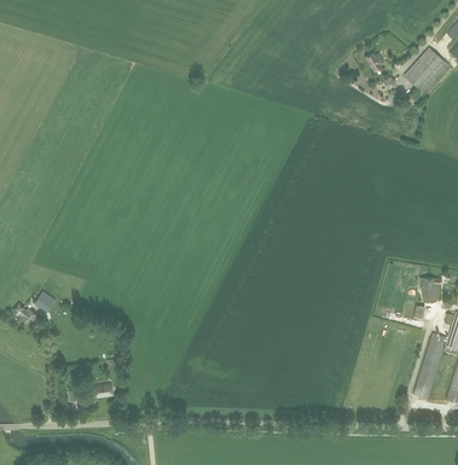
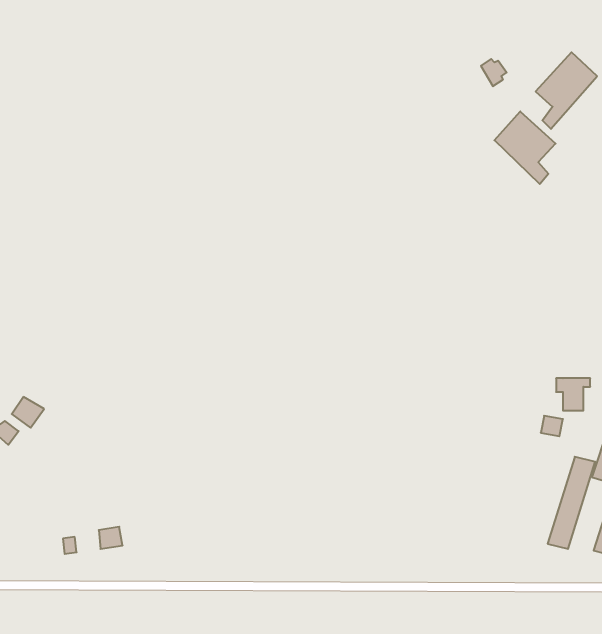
building: none -> [494,111,556,184]

